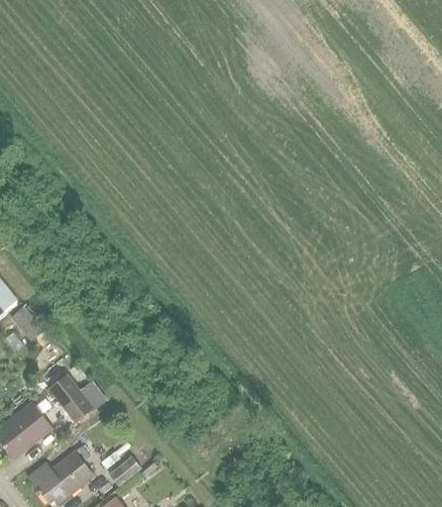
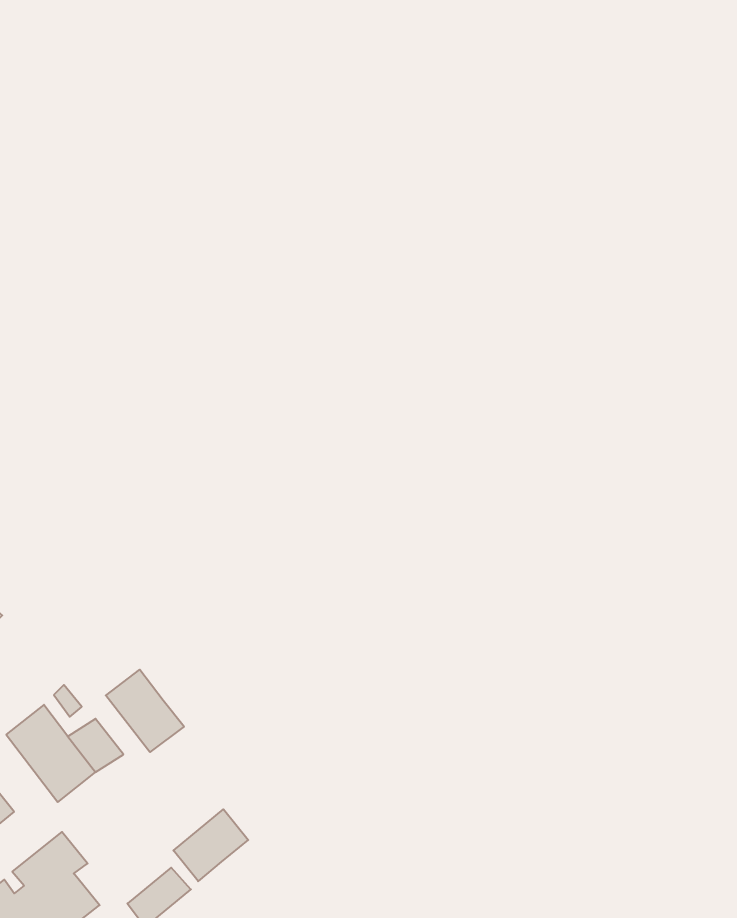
building: none -> [106,670,184,752]
building: none -> [173,809,248,881]

